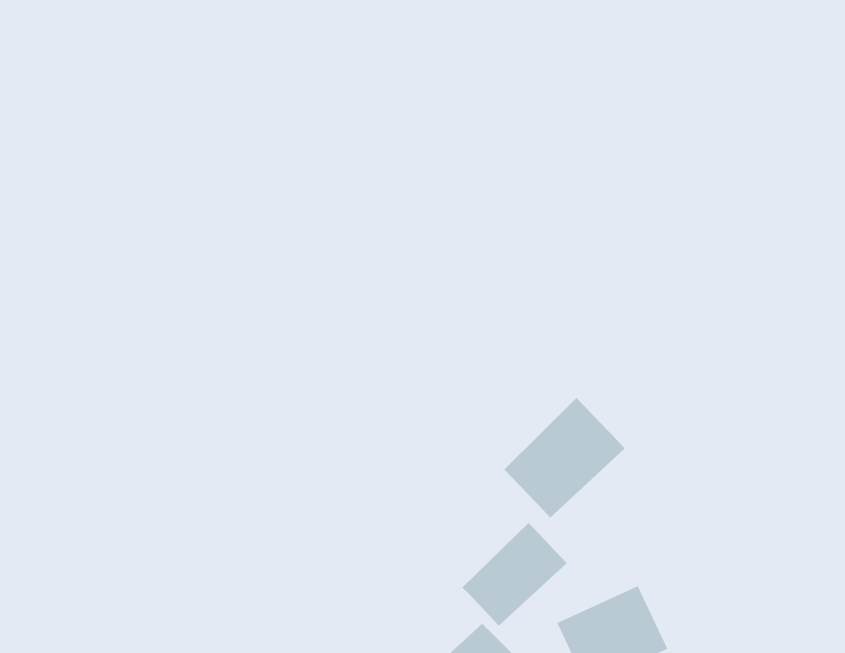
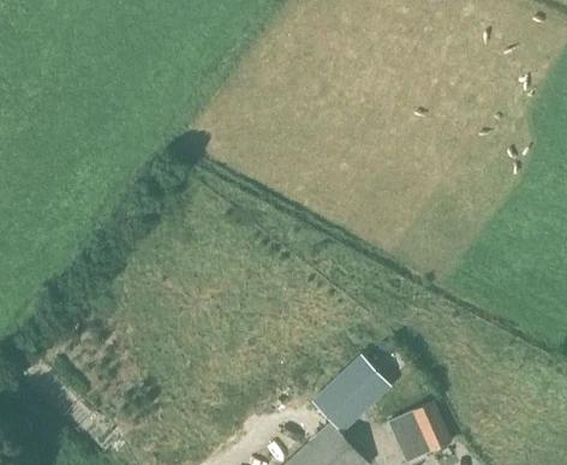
building: [504,397,626,519] -> none

